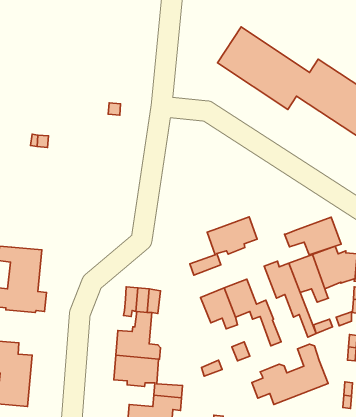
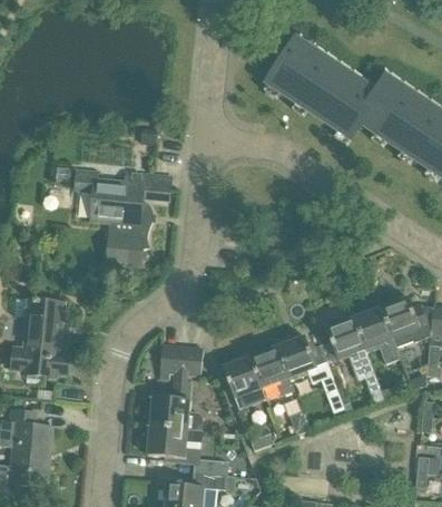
building: none -> [76,169,170,267]
building: [190,217,257,275] -> none
building: [284,217,341,255] -> none
building: none -> [223,357,266,408]
building: [252,344,328,404] -> none

